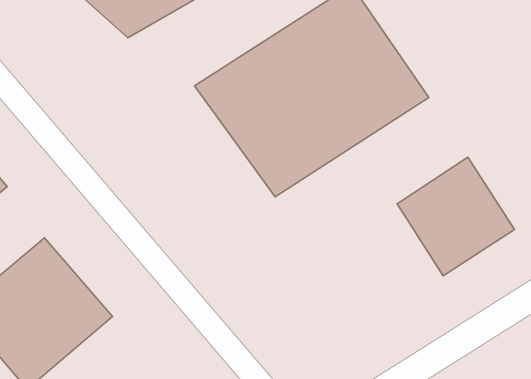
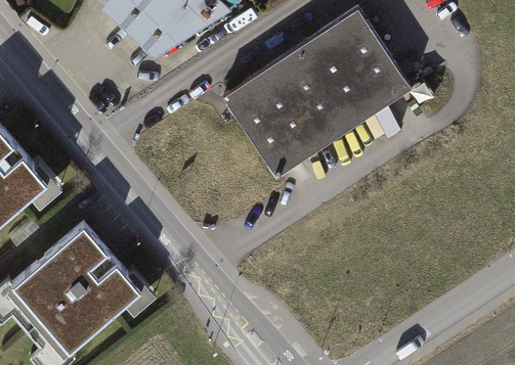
building: [397,157,515,276] -> none

